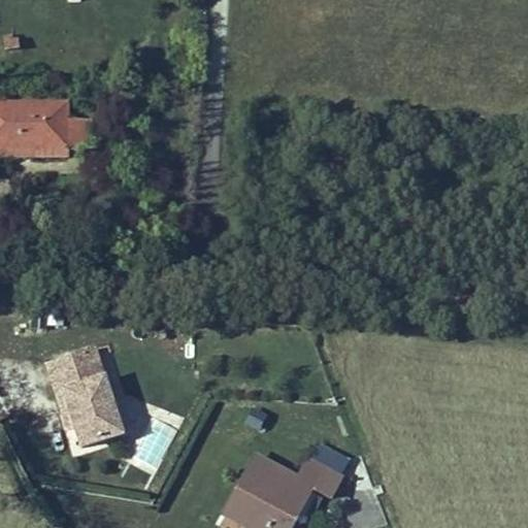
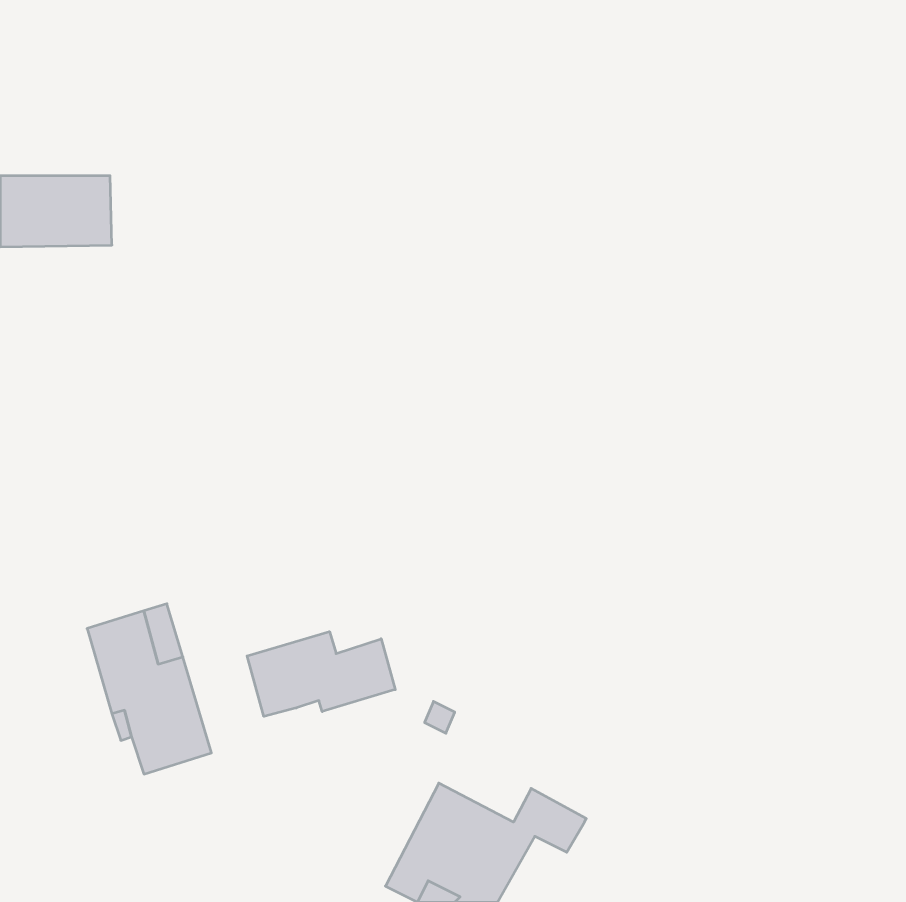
building: none -> [247,632,395,716]

